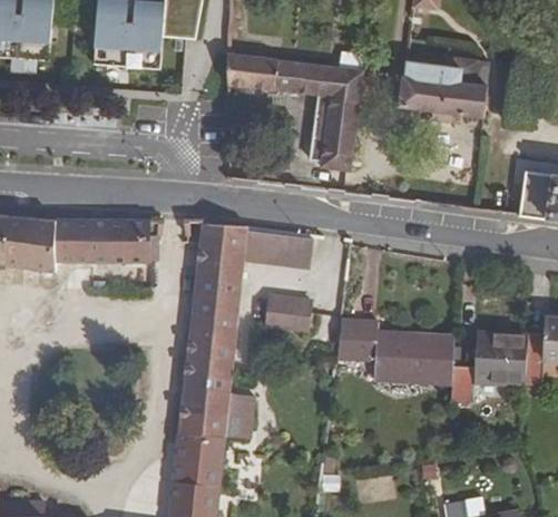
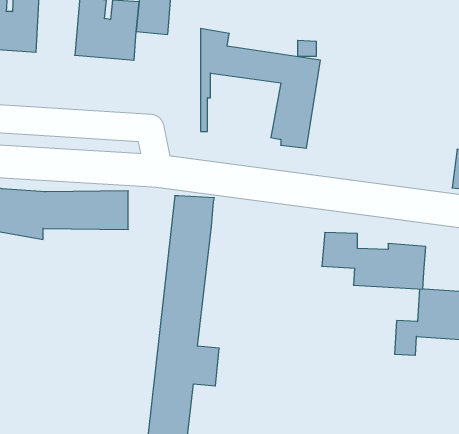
building: [398,64,484,124] -> none
building: [244,231,313,265] -> none
building: [265,297,313,330] -> none
building: [337,320,454,383] -> [322,233,426,289]

